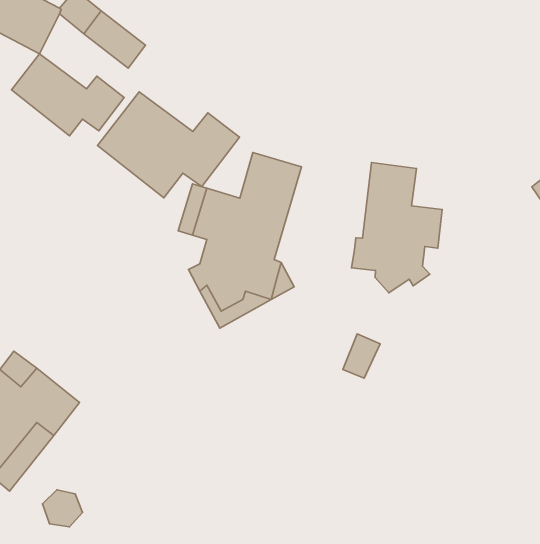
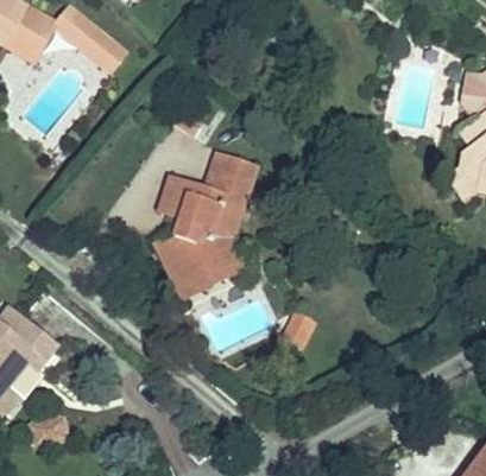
building: [11,54,124,136] -> none
building: [98,92,239,198] -> none
building: [351,162,442,293] -> none

